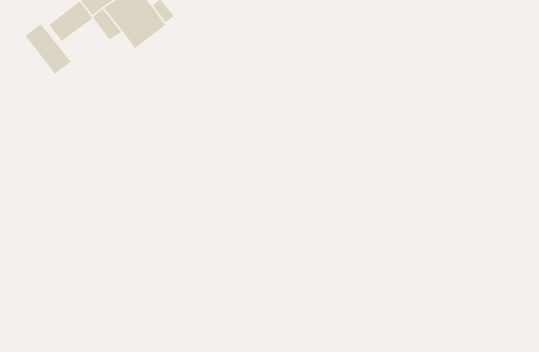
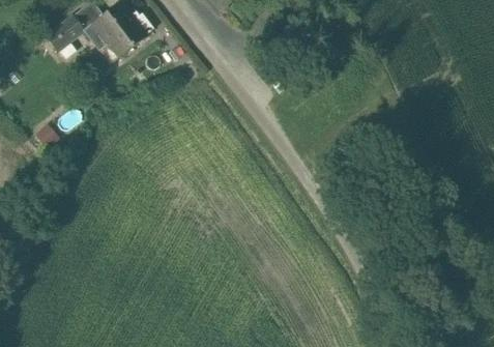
building: [24,23,71,75] -> none

